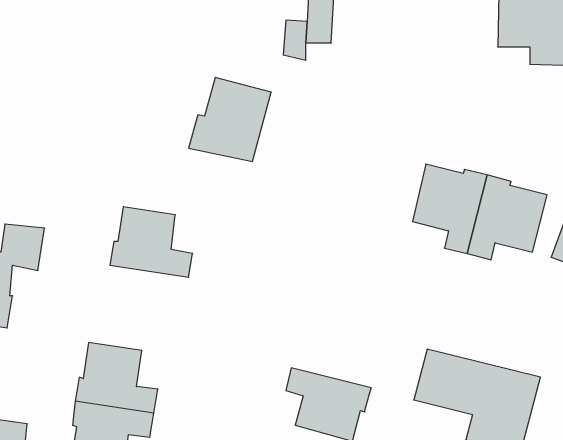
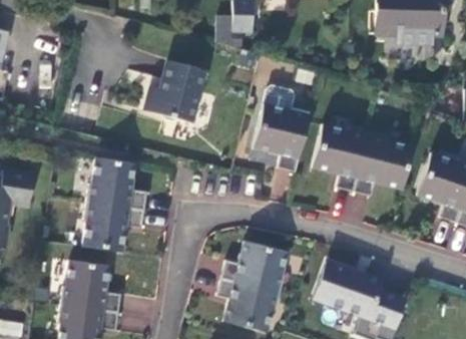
building: none -> [254,104,311,172]
building: none -> [82,201,144,252]
building: none -> [221,241,289,293]

